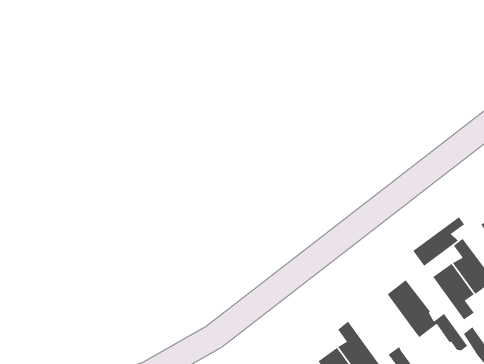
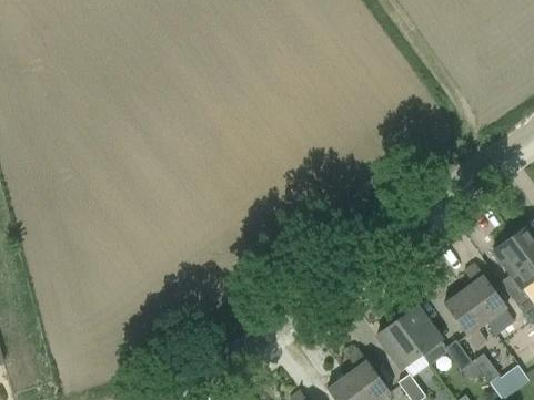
building: [412,216,465,266] -> none
building: none -> [377,320,423,369]

